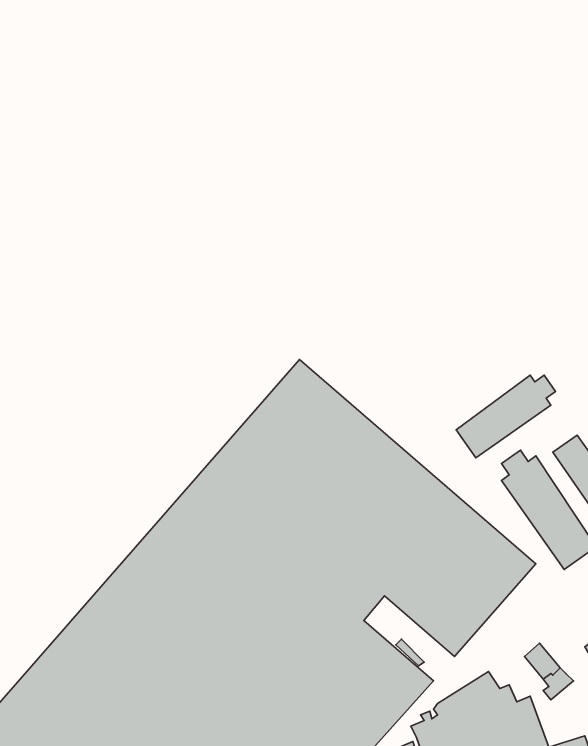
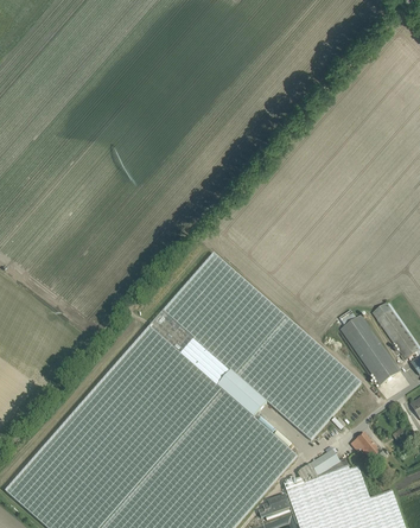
building: [456,375,556,458] -> none

